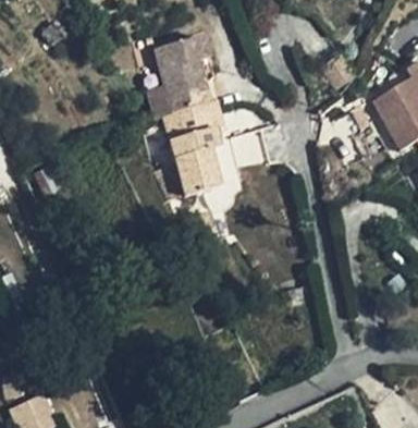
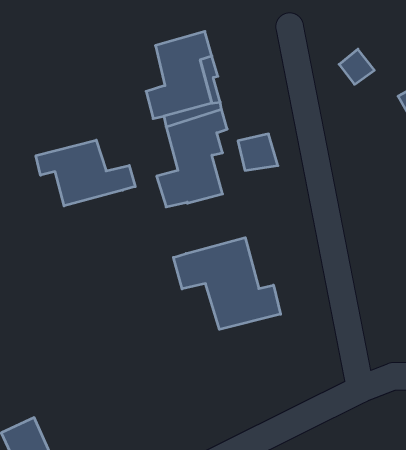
building: none -> [36,140,135,206]
building: none -> [173,238,281,329]

